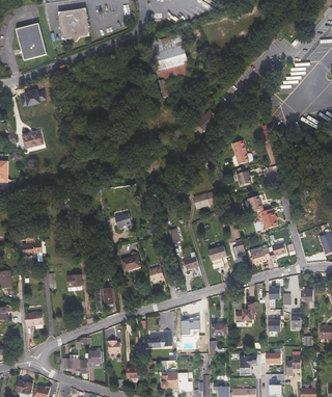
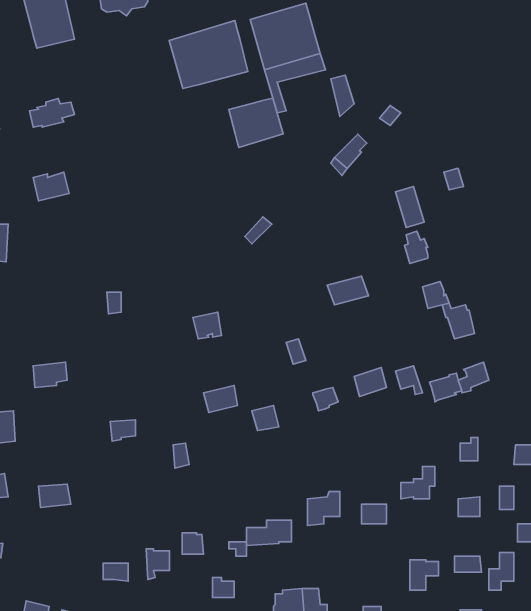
building: none -> [169,20,248,88]
building: none -> [229,98,283,147]

